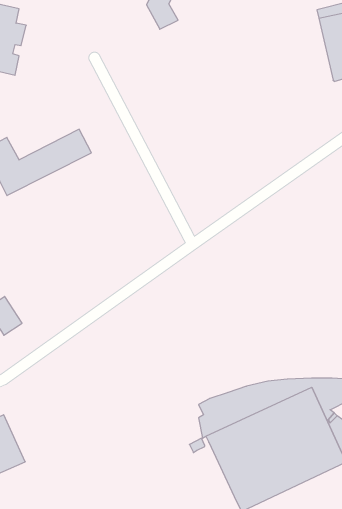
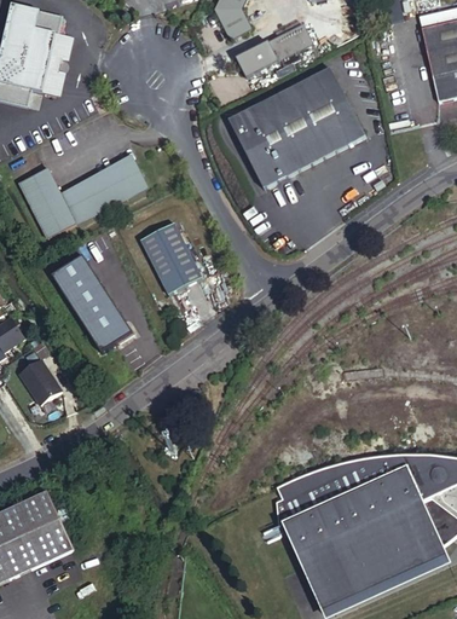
building: none -> [233,24,310,77]
building: none -> [227,70,366,190]
building: none -> [139,221,202,294]
building: none -> [52,254,132,352]

